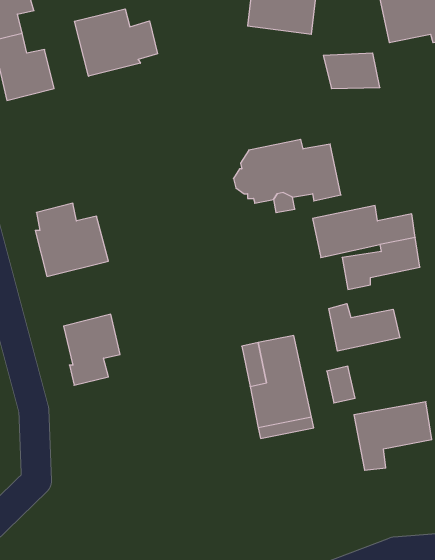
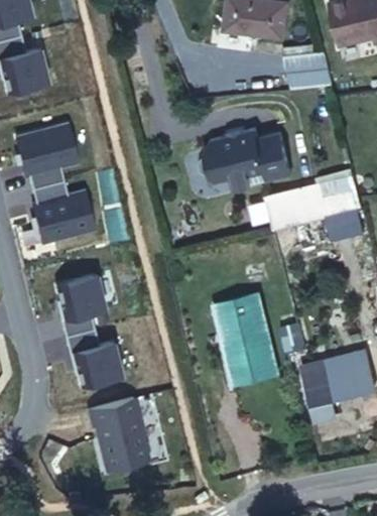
building: [74,9,158,76] -> none
building: none -> [18,125,80,189]
building: [329,304,400,351] -> none
building: none -> [68,330,124,387]
building: none -> [93,397,146,467]

